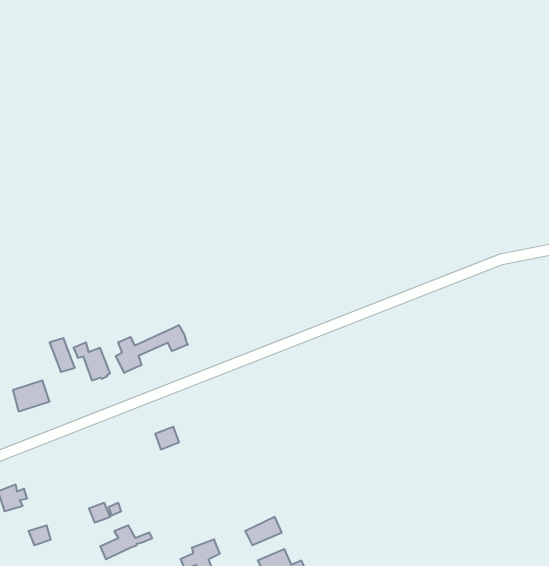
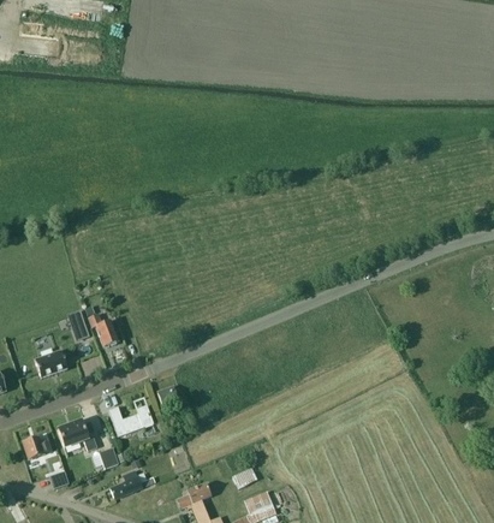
building: [116,325,188,373] -> none
building: none -> [108,405,151,435]
building: none -> [56,420,96,450]

